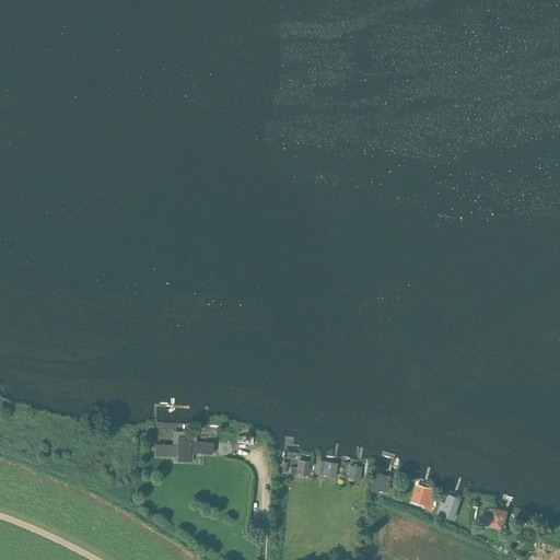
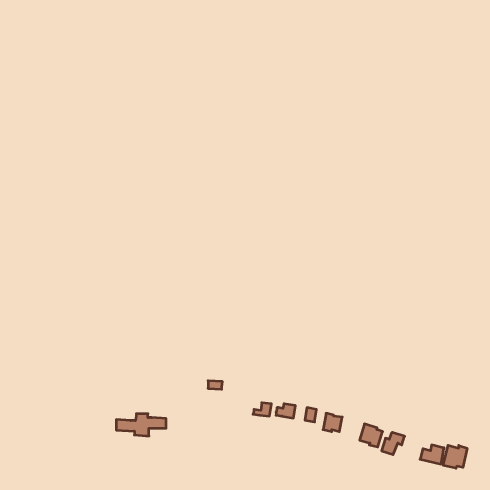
building: [155,436,212,462] -> [116,414,166,436]
building: none -> [443,445,467,468]

